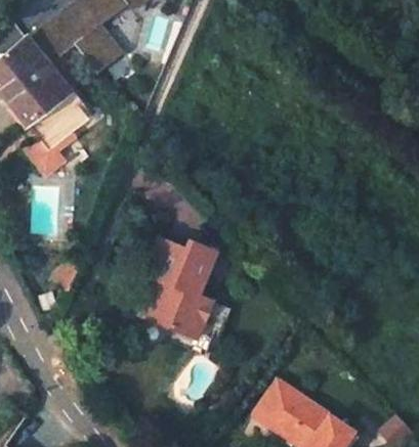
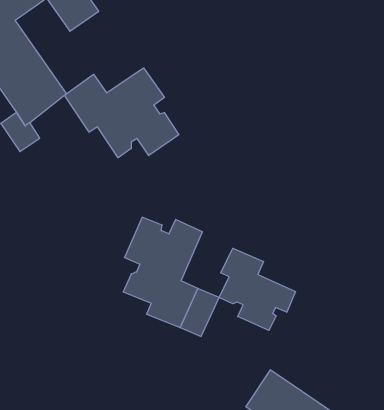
building: none -> [65,68,179,158]
building: none -> [219,248,296,330]

